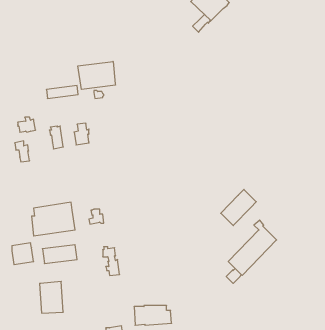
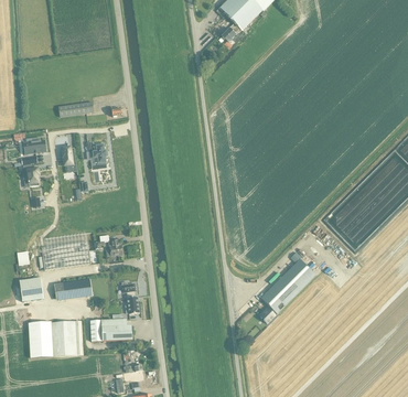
building: [78,61,115,89] -> none
building: [221,189,256,226] -> none
building: none -> [29,322,53,356]
building: [134,306,172,325] -> [90,319,132,341]

